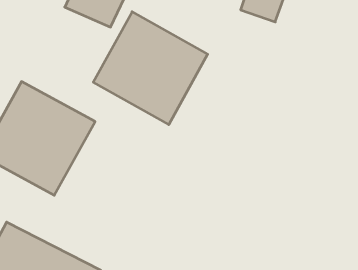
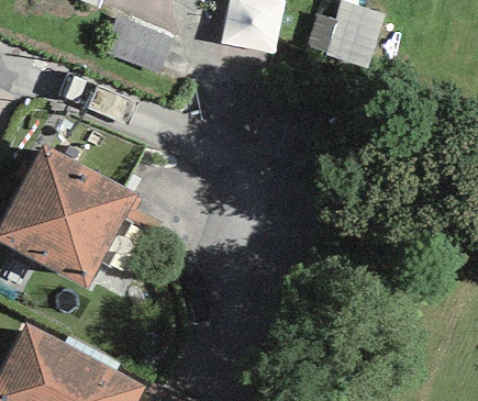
building: [93,12,208,125] -> none

